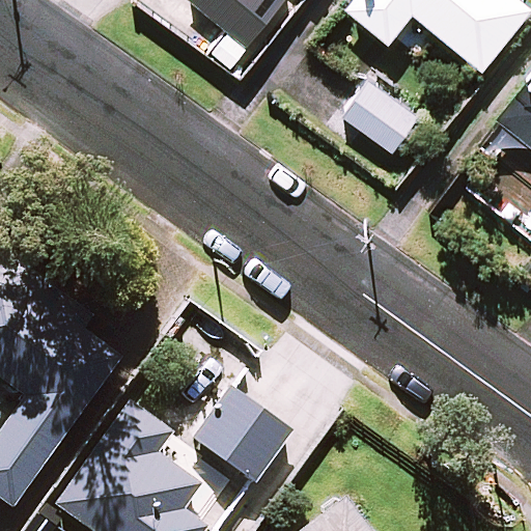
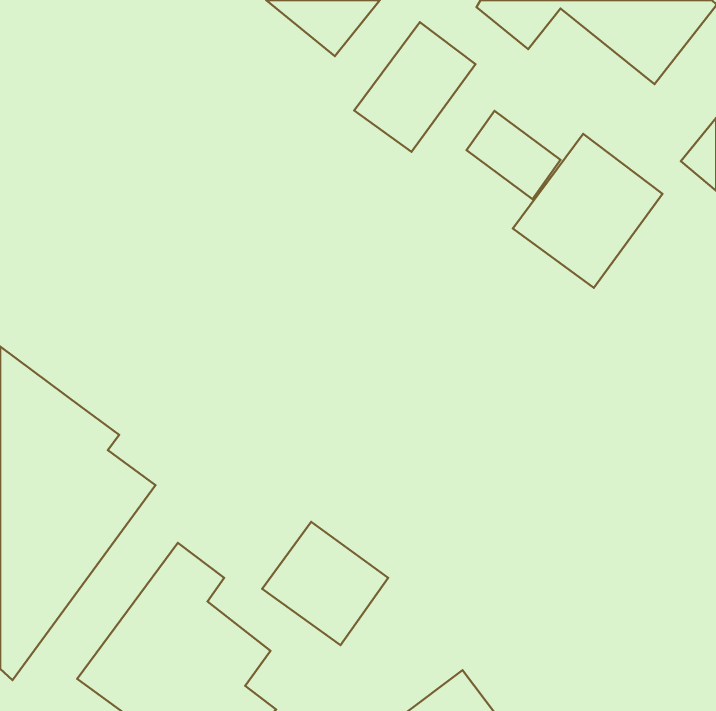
building: none -> [354,22,476,152]
building: none -> [513,134,663,288]

